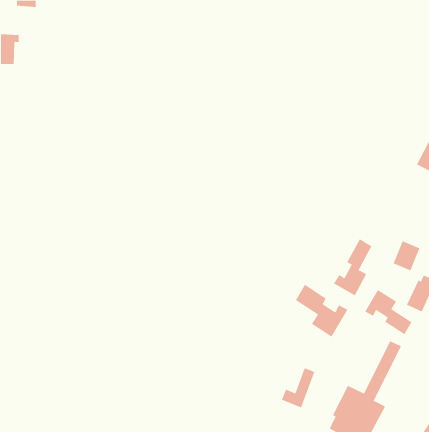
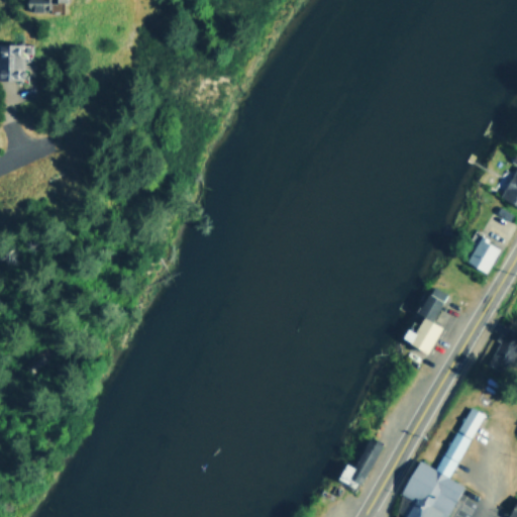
building: [393,241,420,271] -> [469,237,501,274]
building: [295,284,348,338] -> none
building: [365,289,412,335] -> none

